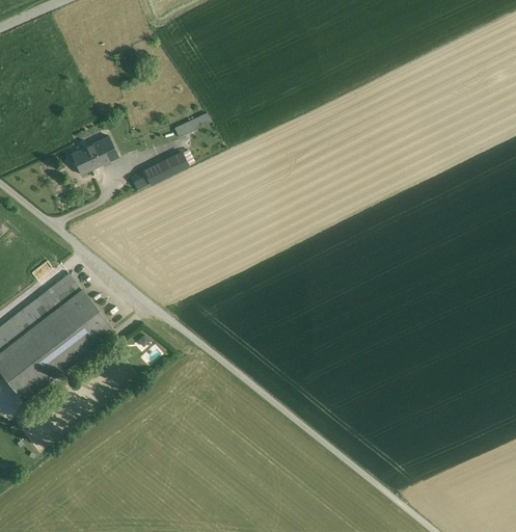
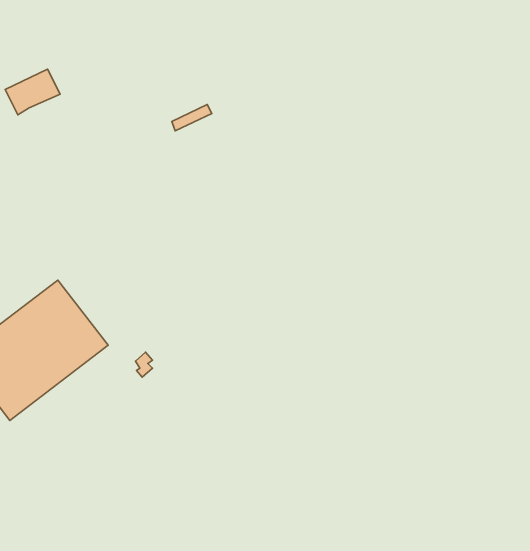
building: [67,135,117,177] -> [5,69,60,115]
building: [130,151,189,189] -> none

